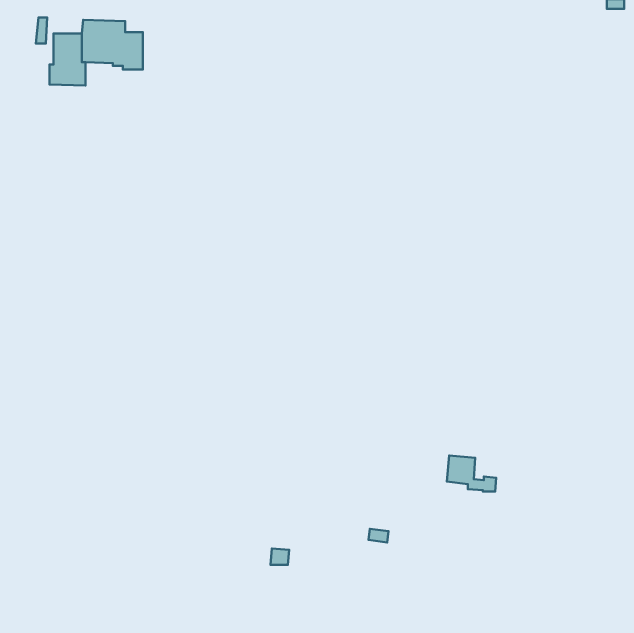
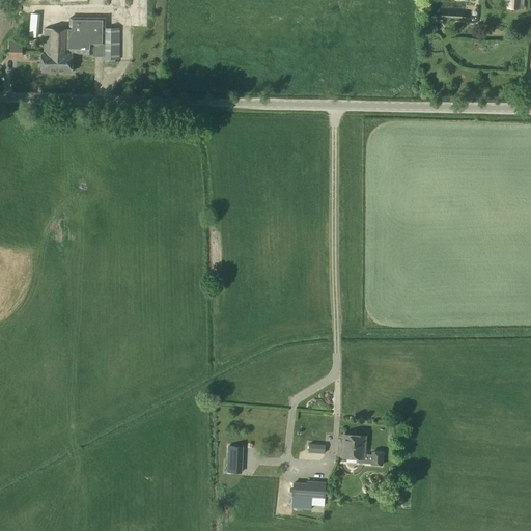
building: [447,456,496,492] -> [341,434,383,464]
building: none -> [292,480,326,504]

